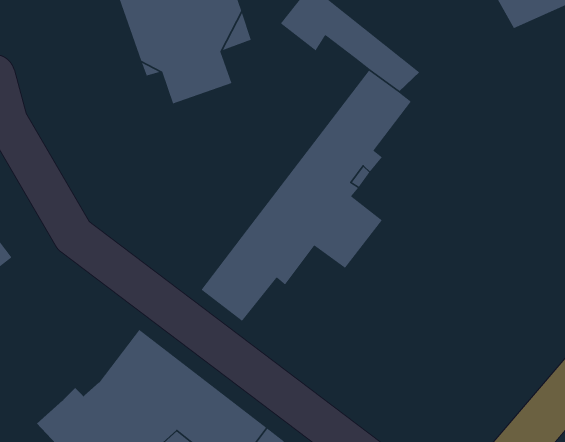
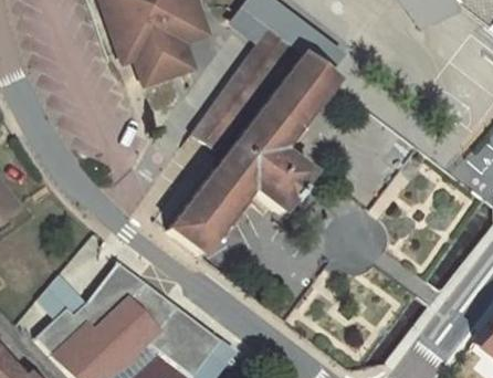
building: none -> [192,31,290,151]
building: none -> [40,276,86,319]

